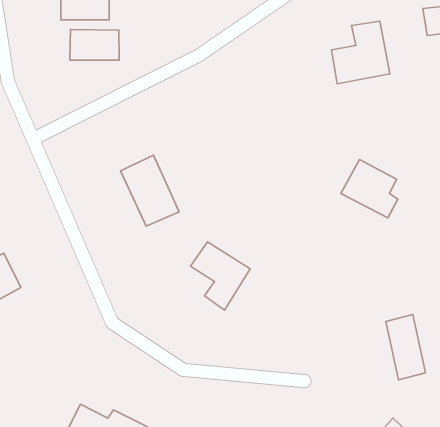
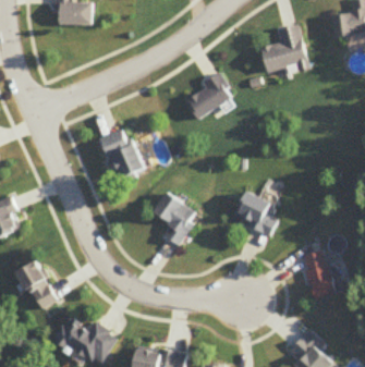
building: [70,30,119,60] -> none
building: none -> [182,75,231,117]
building: [341,159,398,218] -> [232,189,276,234]
building: none -> [19,261,60,310]

